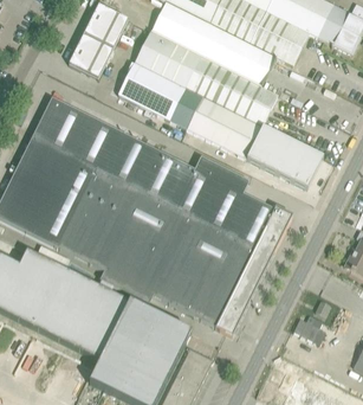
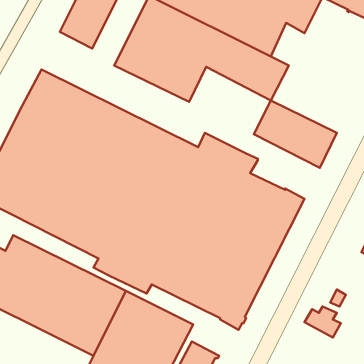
building: [187,96,261,157] -> none

